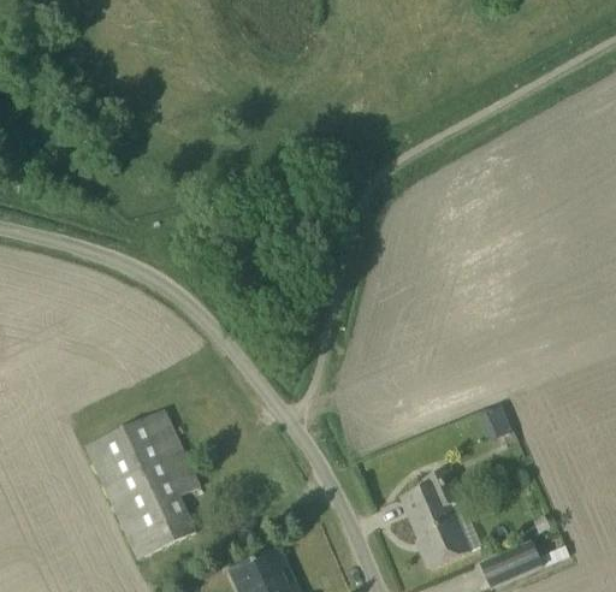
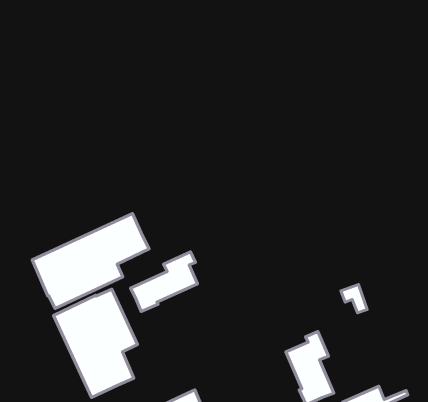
building: none -> [32,214,149,308]
building: none -> [131,252,198,311]

